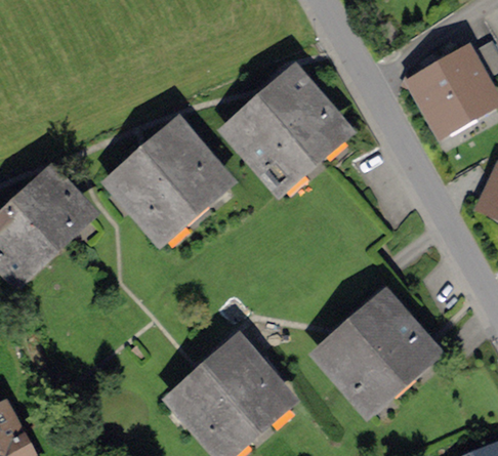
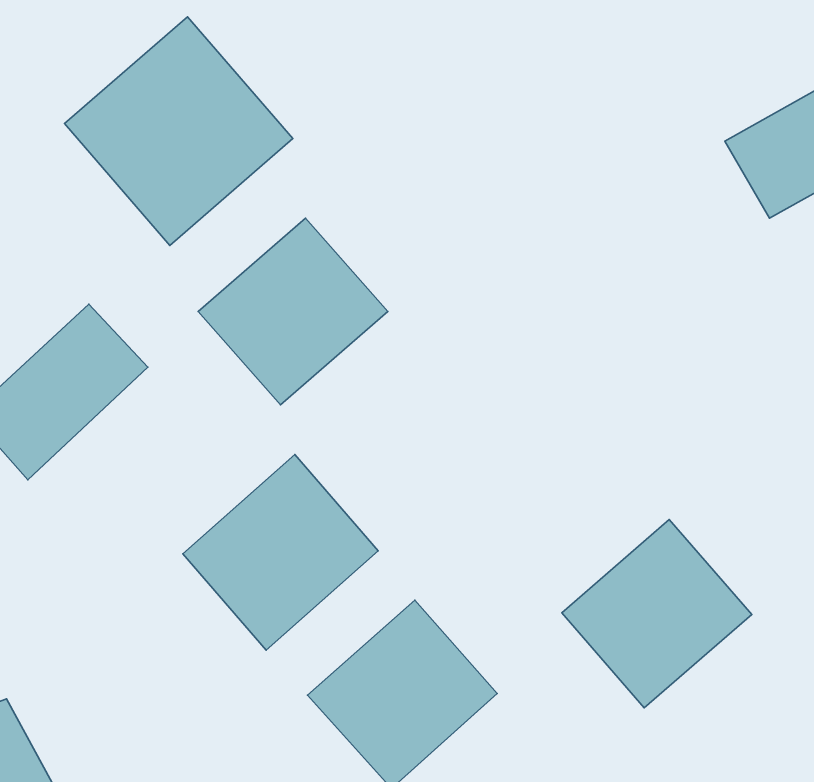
building: none -> [64,17,293,245]
building: [233,75,341,181] -> none
building: none -> [183,455,378,650]

